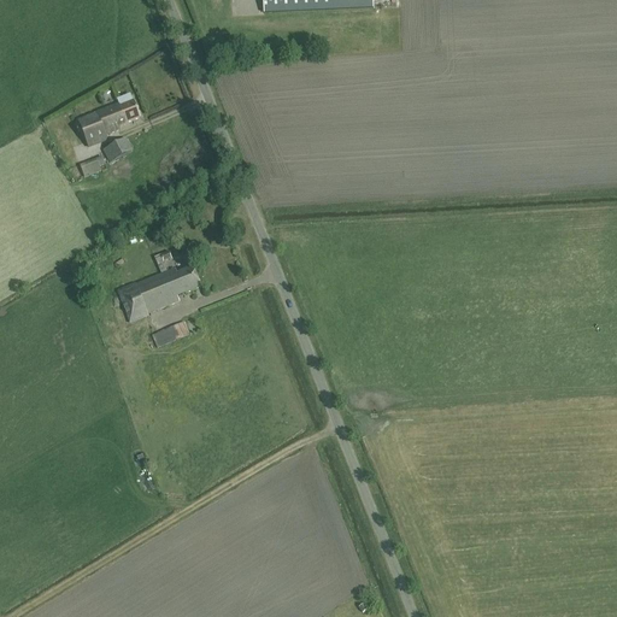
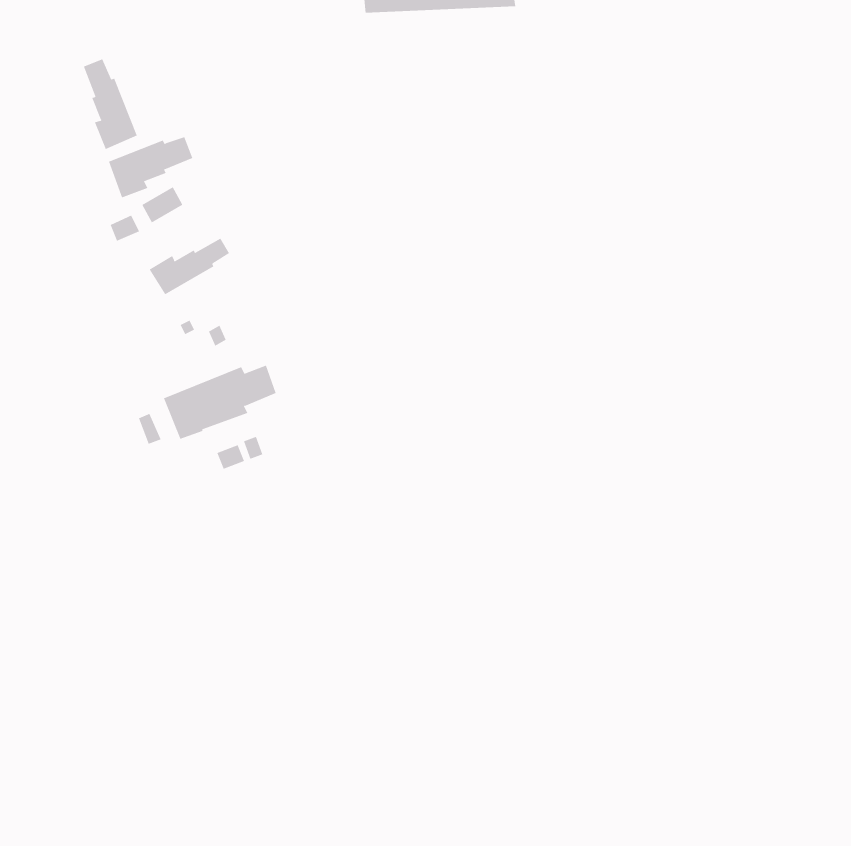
building: none -> [83,59,138,150]
building: none -> [149,238,230,295]

